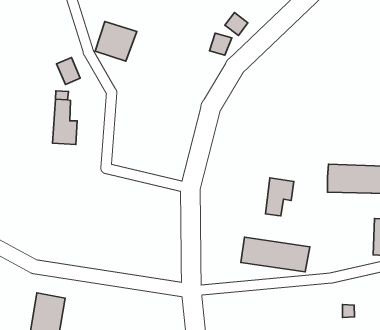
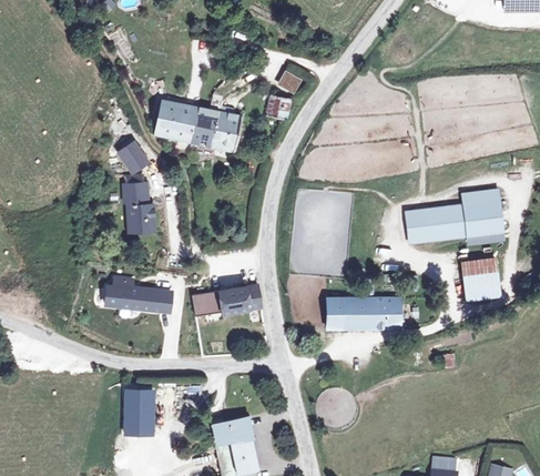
building: none -> [185,105,237,146]
building: [265,178,294,216] -> none
building: none -> [100,278,165,311]
building: none -> [186,281,256,314]

